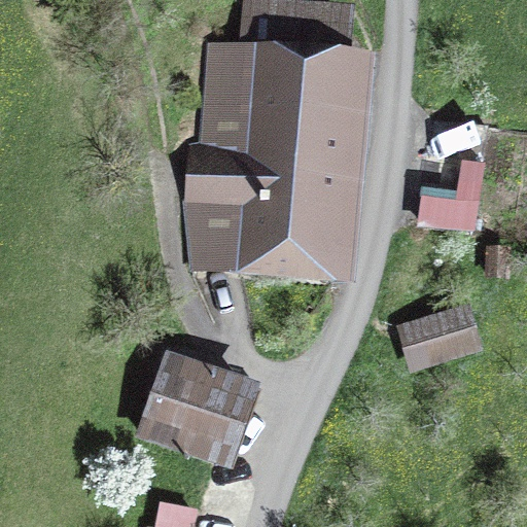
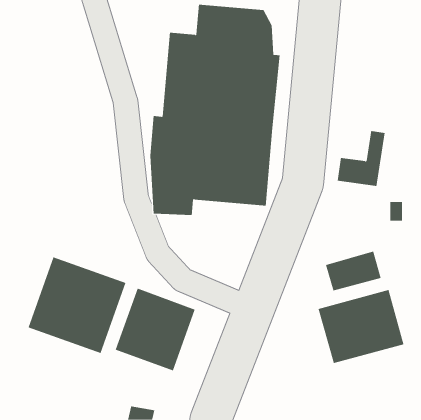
building: none -> [28,256,126,354]
building: none -> [318,289,404,364]

